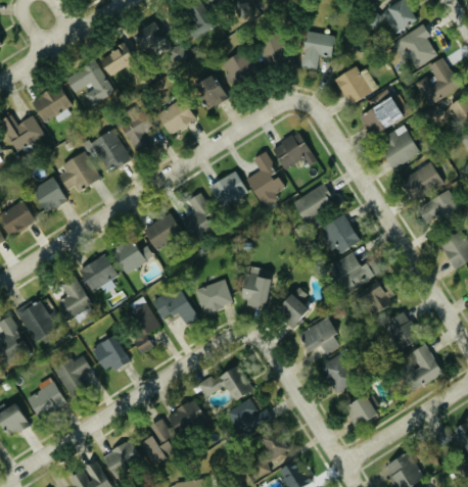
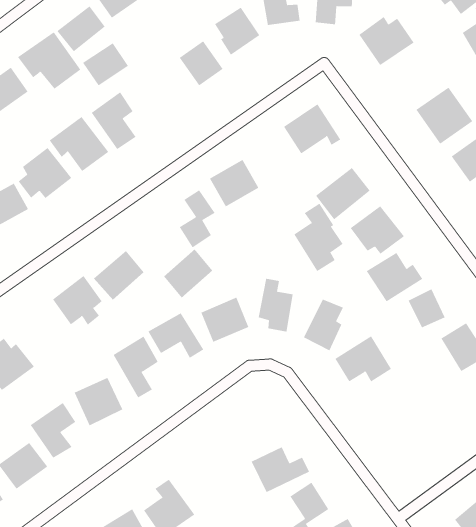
building: [360,97,403,135] -> none
building: [157,100,194,134] -> [82,42,129,86]
building: [246,154,285,208] -> [294,203,343,272]
building: [143,211,183,250] -> [163,248,213,298]
building: [58,275,91,319] -> none
building: [321,354,357,392] -> none
building: [198,364,252,400] -> none
building: [345,392,382,425] -> none
building: [166,399,206,436] -> none

